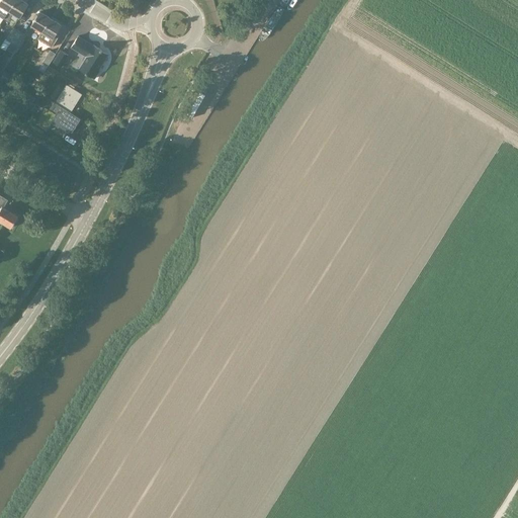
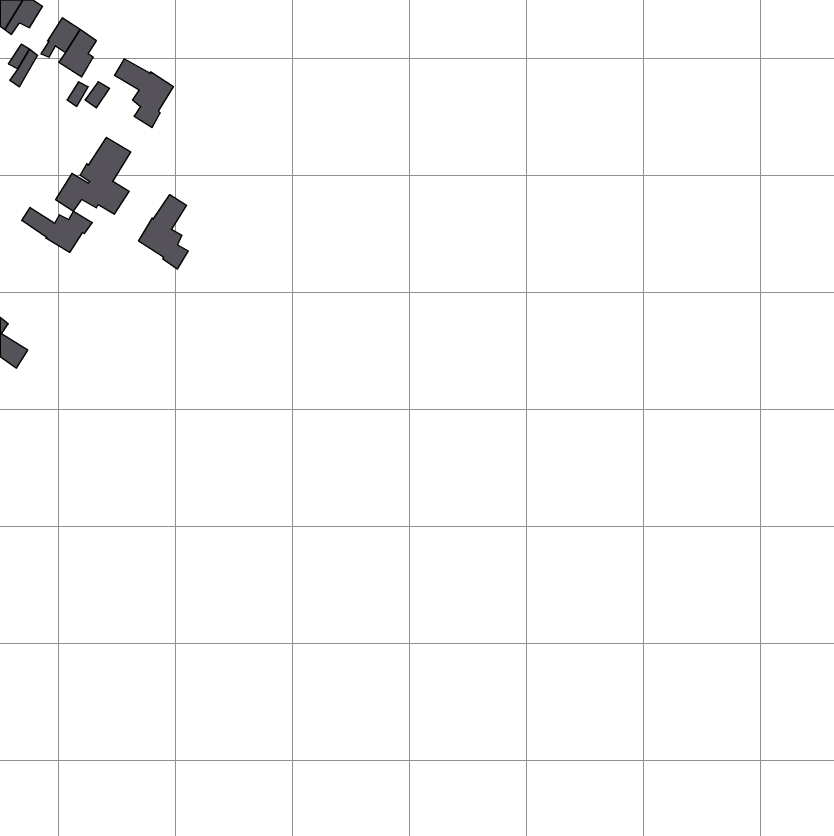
building: none -> [139,195,188,269]
building: none -> [22,207,92,252]

